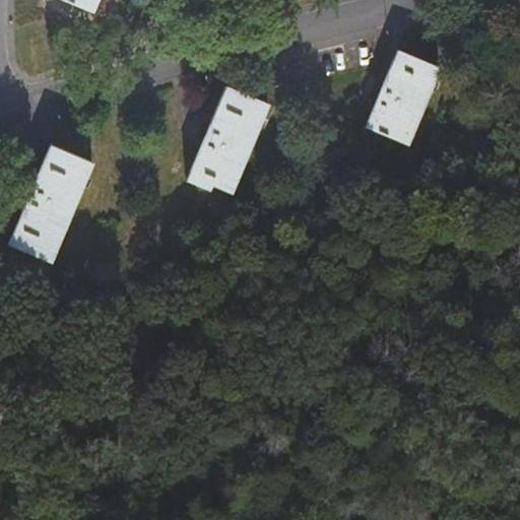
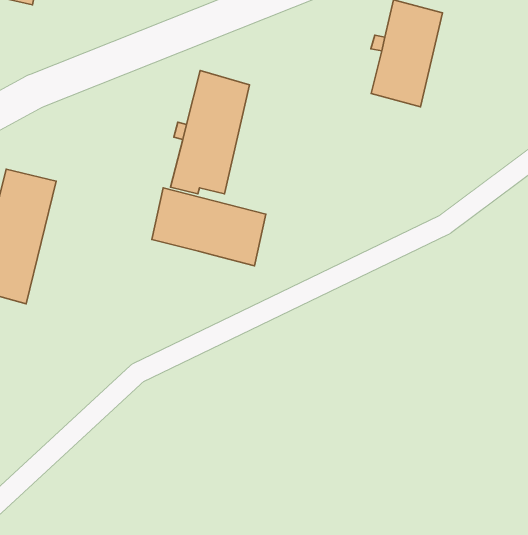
building: none -> [152,188,266,266]

